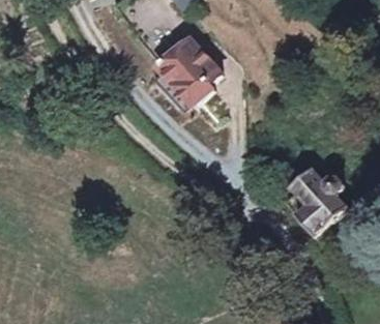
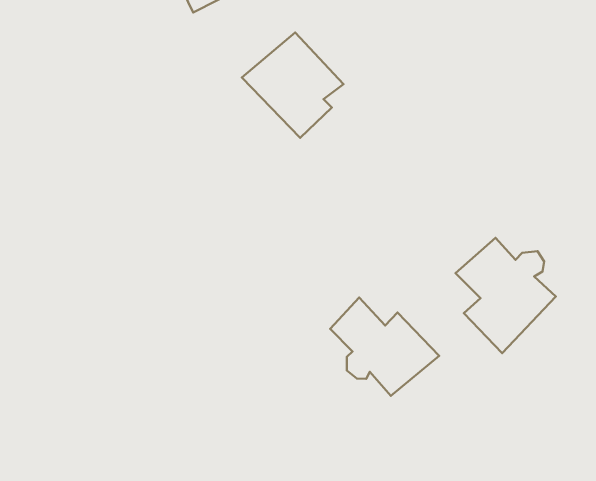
building: none -> [330,297,439,396]

